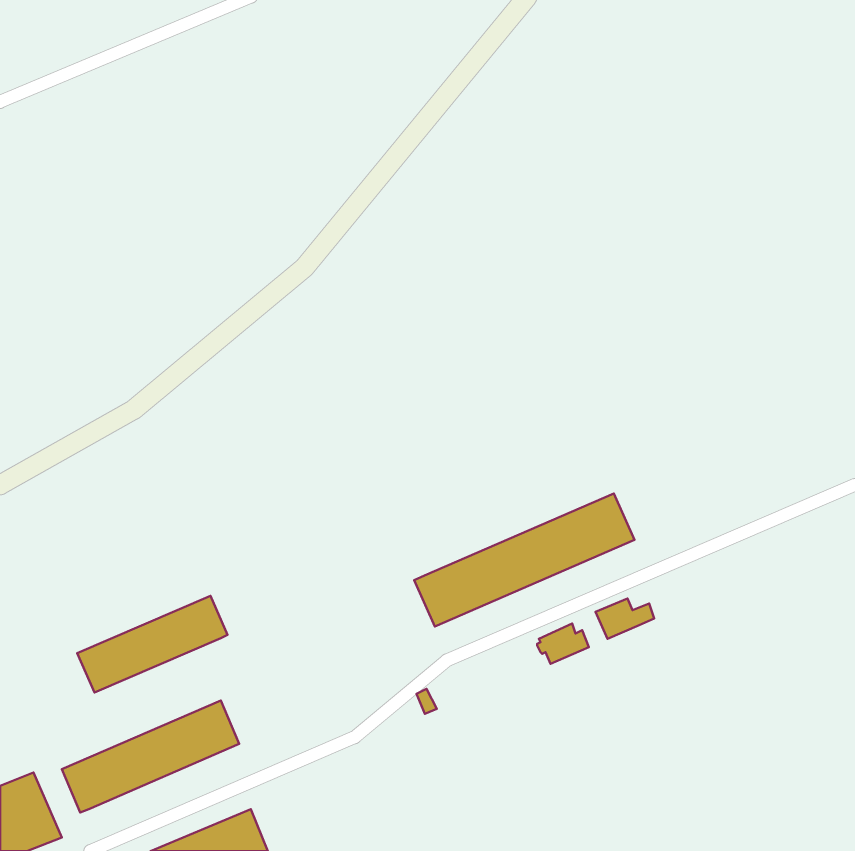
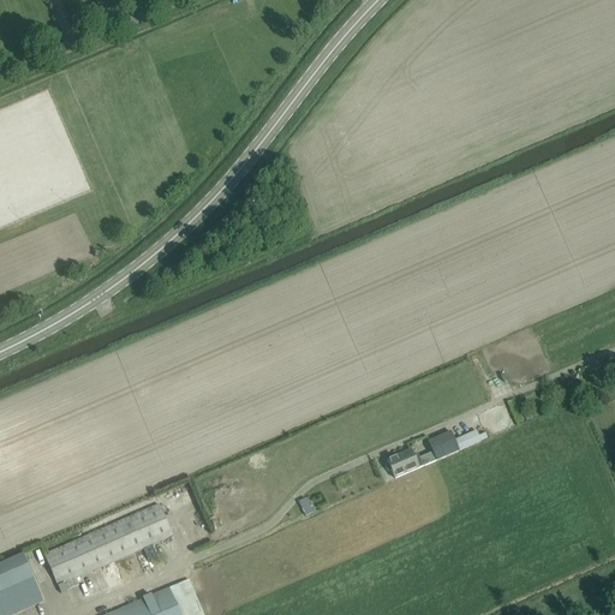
building: [414,493,635,627] -> none
building: [77,596,228,692] -> none

